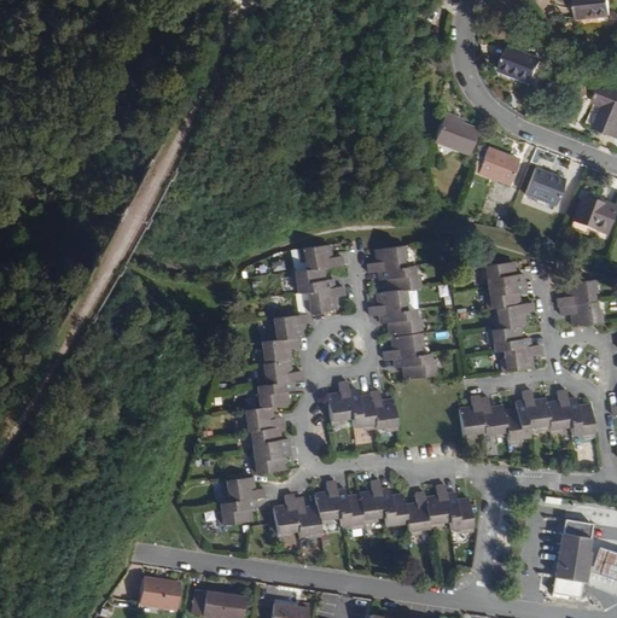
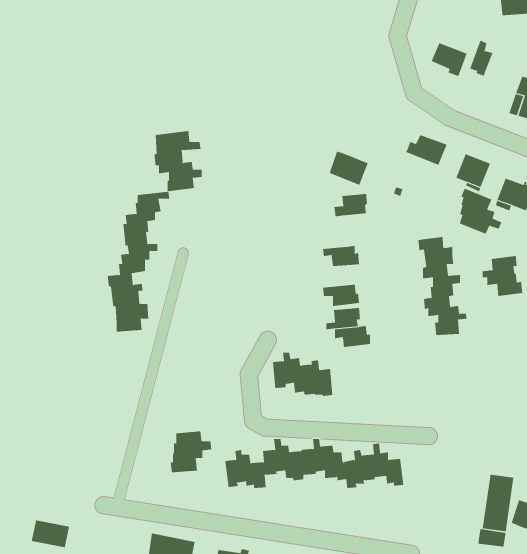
building: none -> [470,40,493,77]
building: [436,118,479,156] -> [329,151,369,185]
building: none -> [459,188,502,235]
building: [243,249,347,468] -> [107,130,202,332]
building: [372,250,409,275] -> [334,194,368,217]
building: [372,292,411,317] -> none
building: [461,389,593,441] -> none
building: [140,571,182,601] -> [31,520,70,548]

